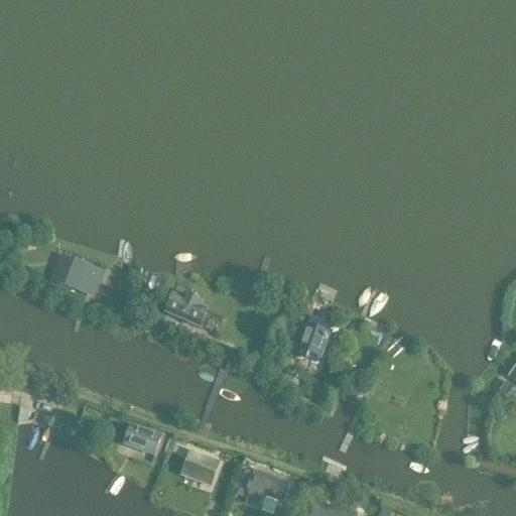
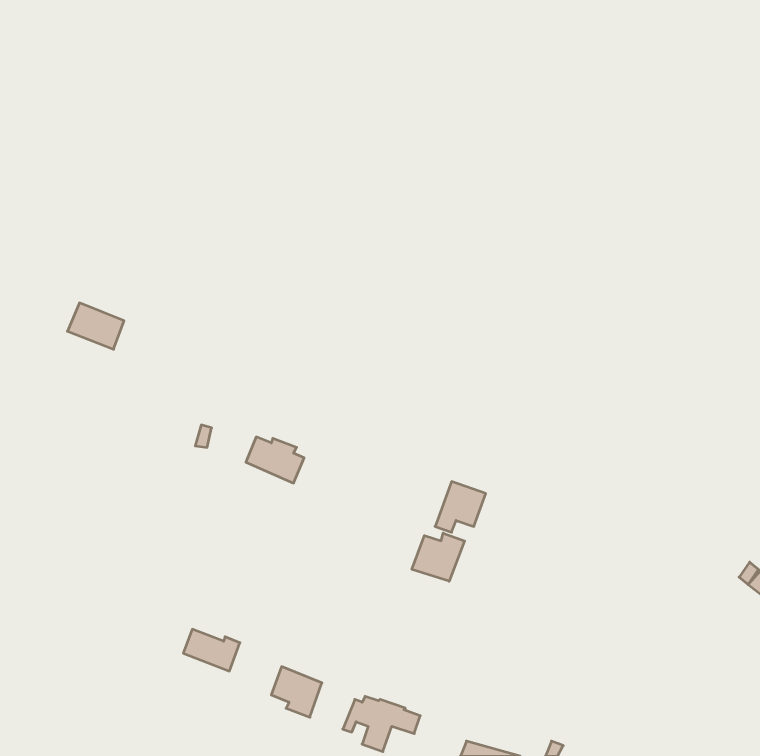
building: [58,260,97,291] -> [67,303,124,349]
building: none -> [412,533,465,581]

